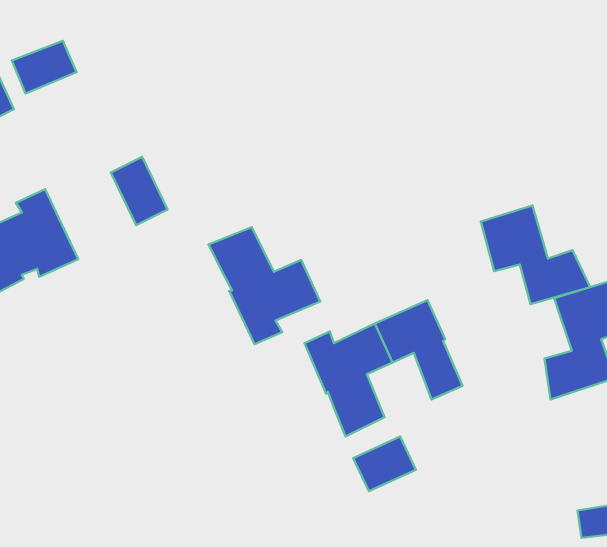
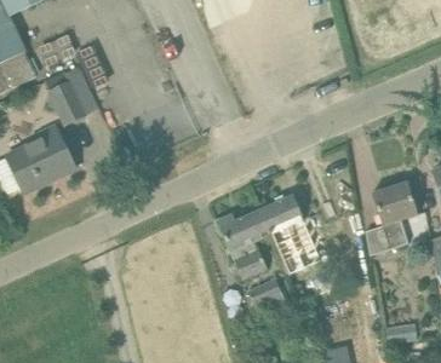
building: [111,157,167,225] -> [50,81,85,123]
building: [481,206,590,304] -> none
building: [209,227,320,344] -> none

